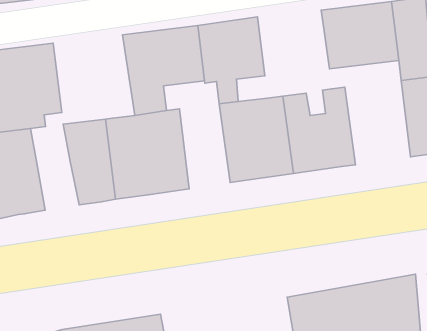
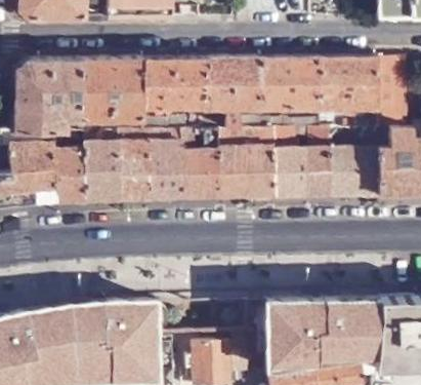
building: none -> [261,59,318,111]
building: none -> [83,60,145,130]
building: none -> [329,128,378,196]
building: none -> [184,129,220,199]
building: none -> [54,130,88,202]

